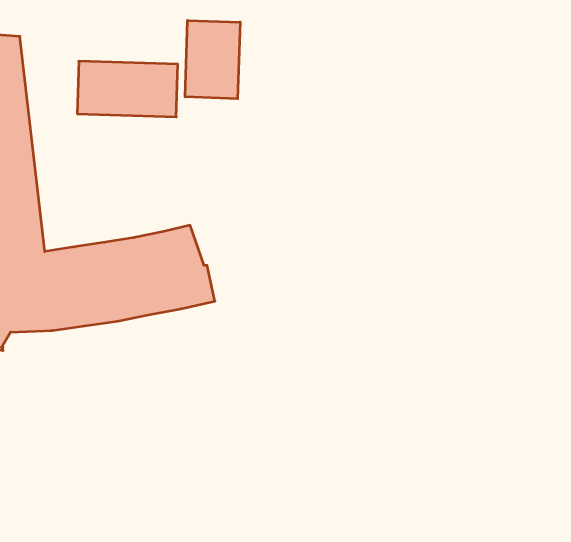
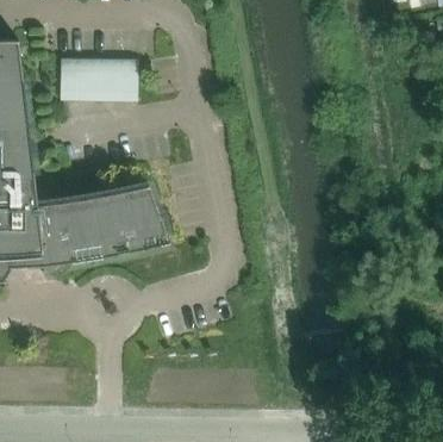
building: [185,20,240,99] -> none

